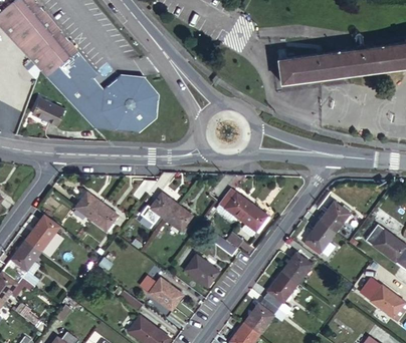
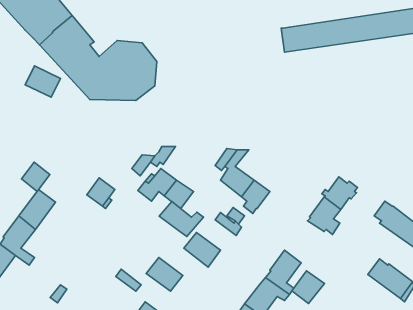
building: [75,191,103,219] -> [22,162,50,191]
building: none -> [159,202,204,237]
building: [280,253,312,284] -> [292,271,324,303]

